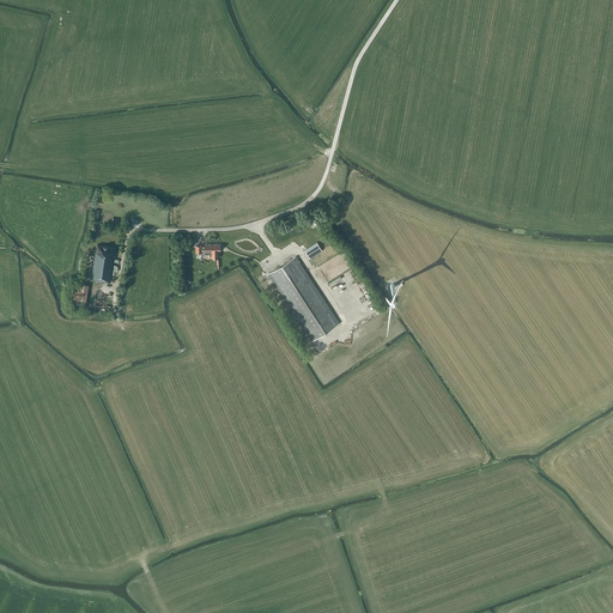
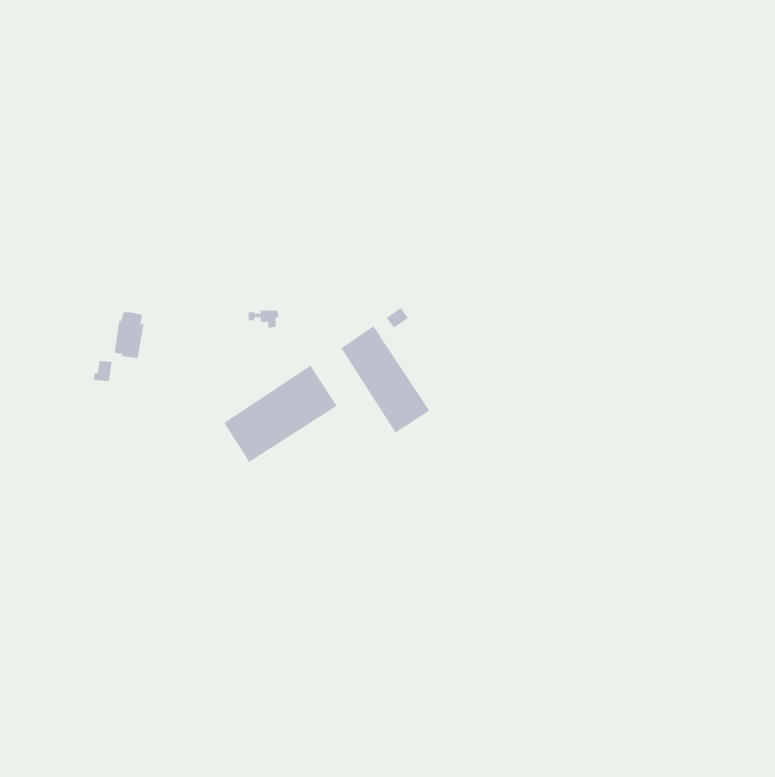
building: none -> [224,365,338,463]

